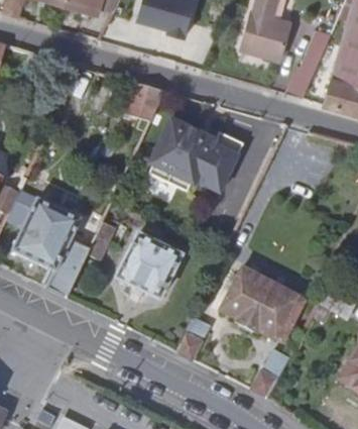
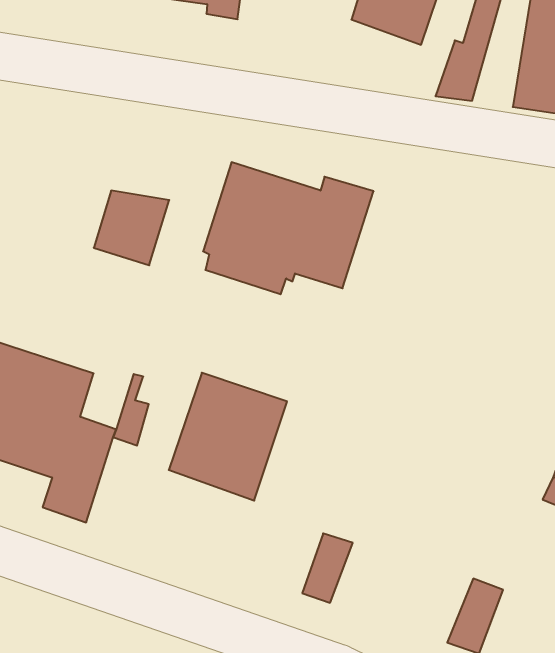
building: [122,82,165,124] -> [94,191,169,265]
building: [221,260,301,332] -> none

